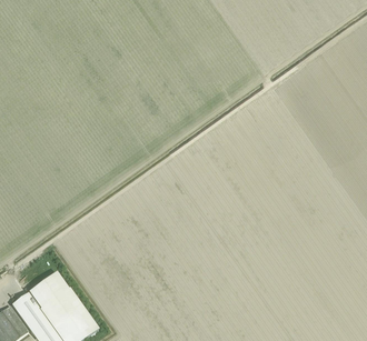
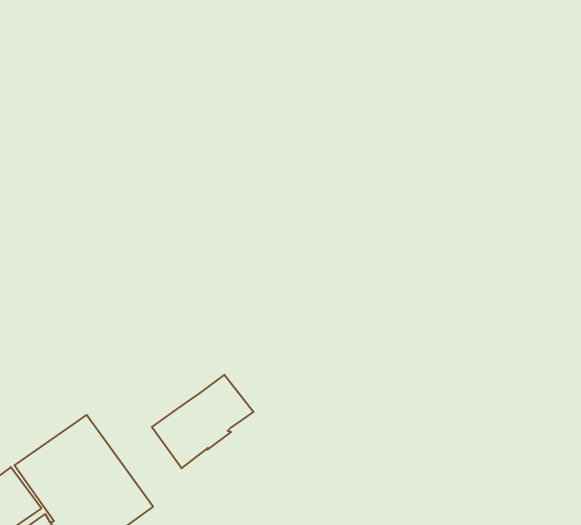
building: none -> [152,375,254,468]

